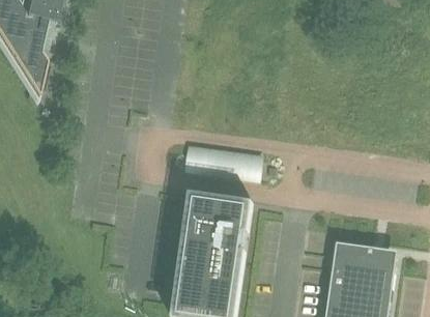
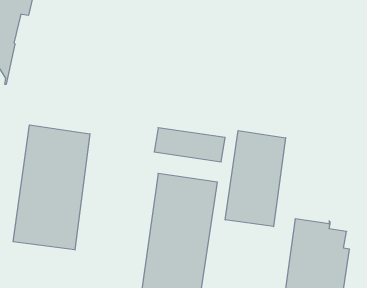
building: none -> [13,125,90,250]
building: none -> [225,131,286,227]

